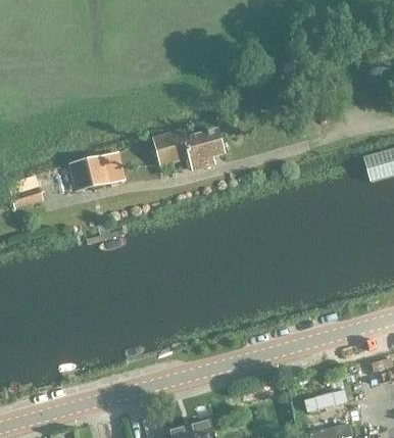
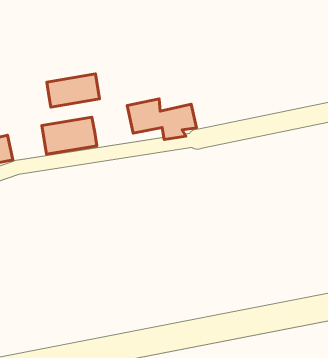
building: none -> [47,74,100,107]

